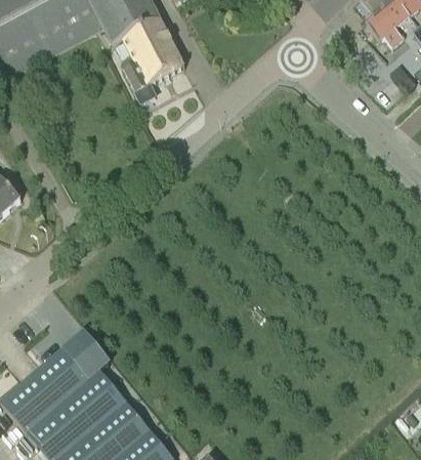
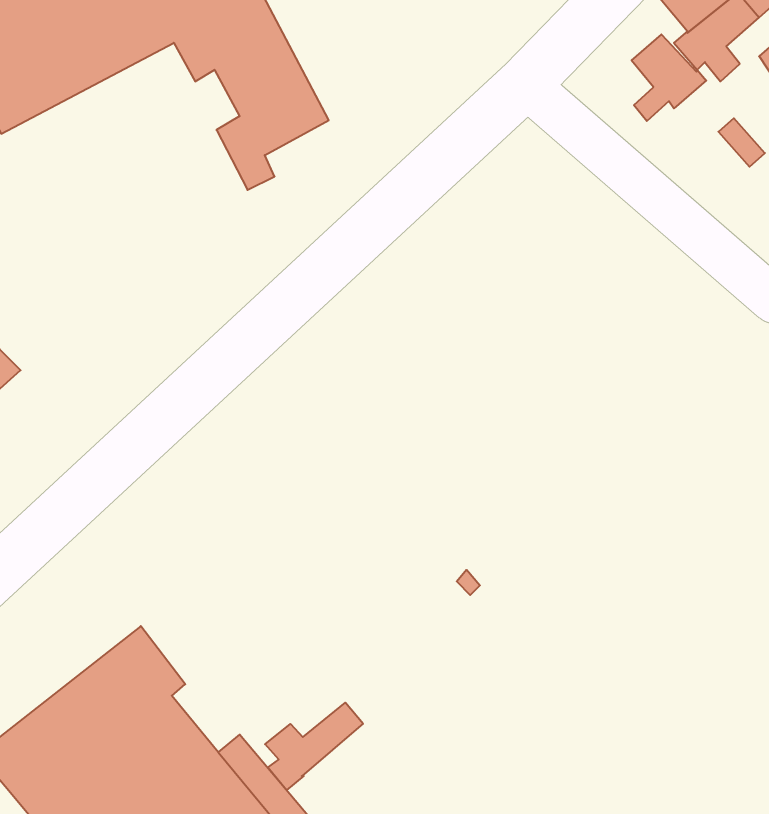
building: none -> [632,34,706,121]
building: none -> [265,703,363,790]

